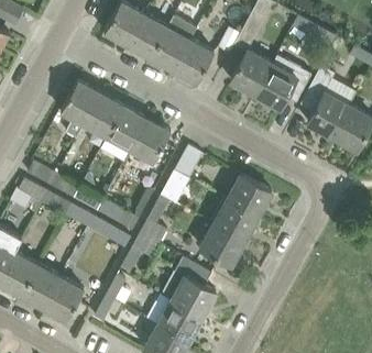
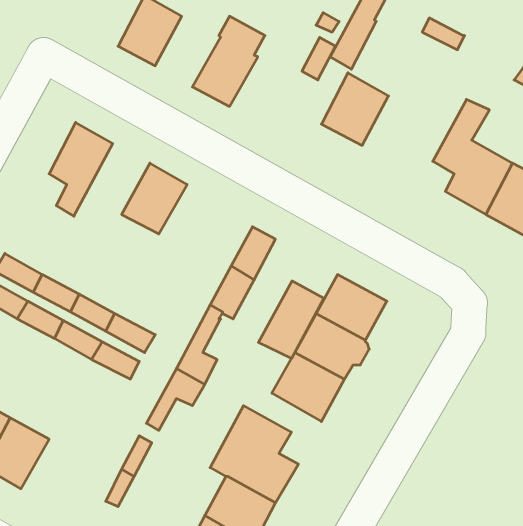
building: [127,14,167,58] -> none
building: [173,40,214,84] -> none
building: [255,55,311,109] -> none
building: [84,93,123,137] -> none
building: [129,119,169,163] -> none
building: none -> [258,281,324,358]
building: [43,277,84,321] -> none

